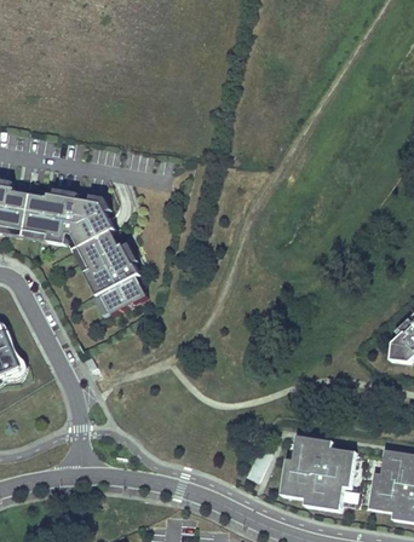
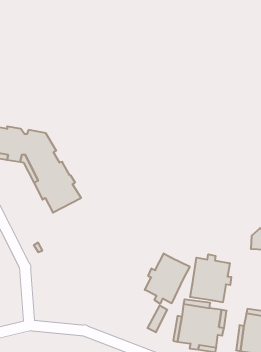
building: none -> [145,253,190,304]
building: none -> [190,254,231,302]

